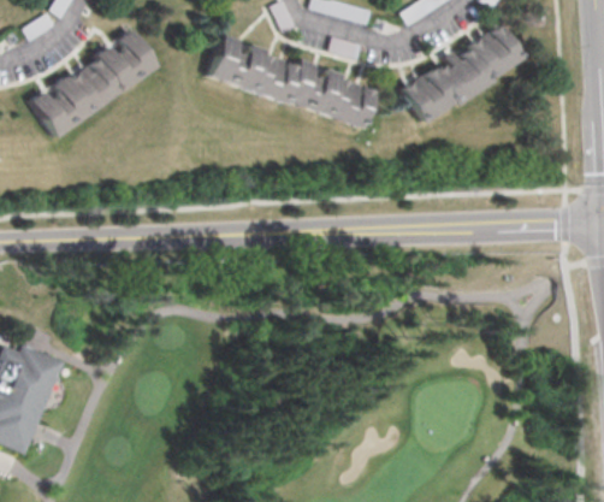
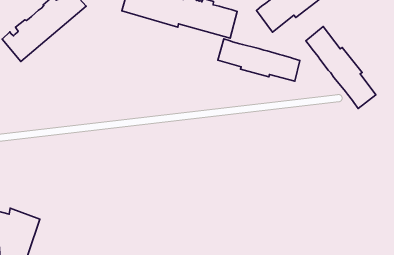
building: none -> [306,27,376,109]
building: none -> [218,39,300,81]

